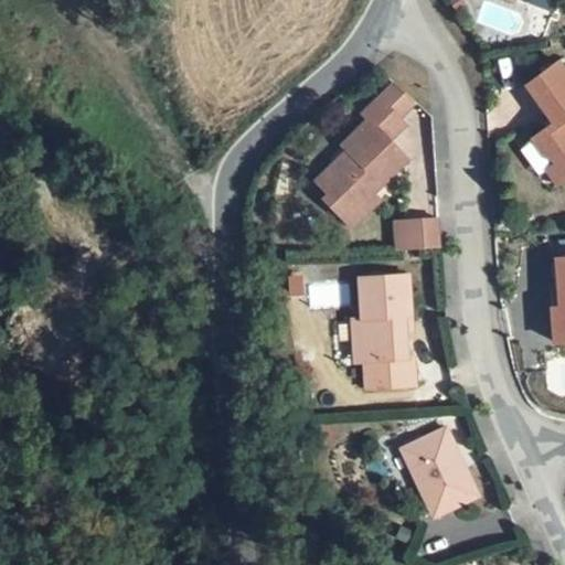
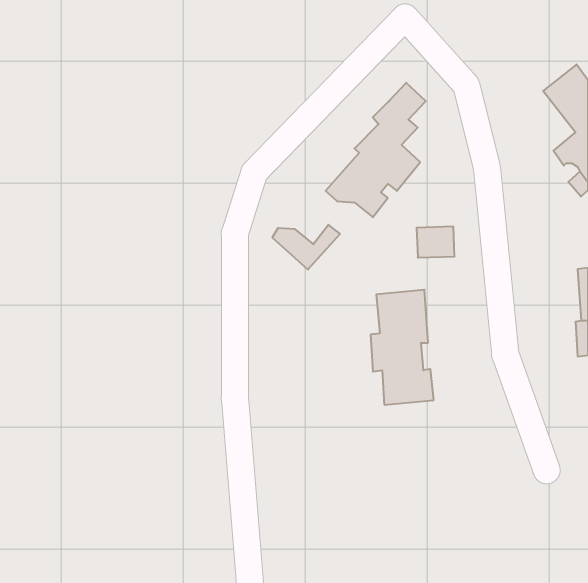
building: [318,190,383,233] -> [272,225,340,270]
building: [399,427,477,512] -> none

